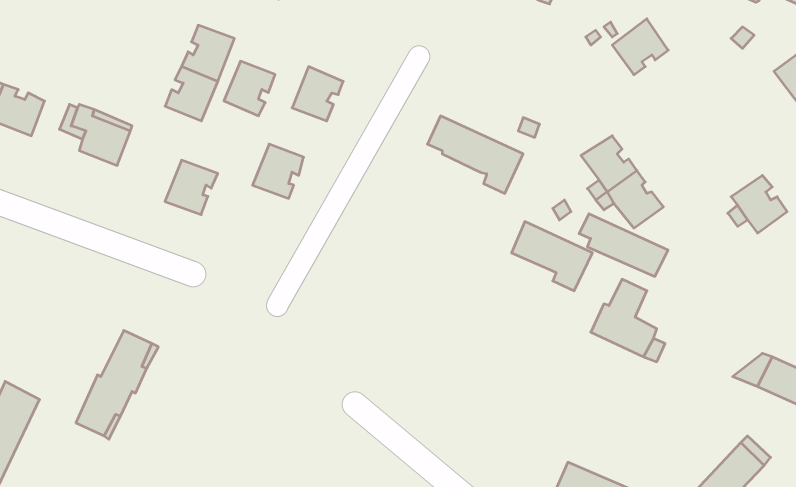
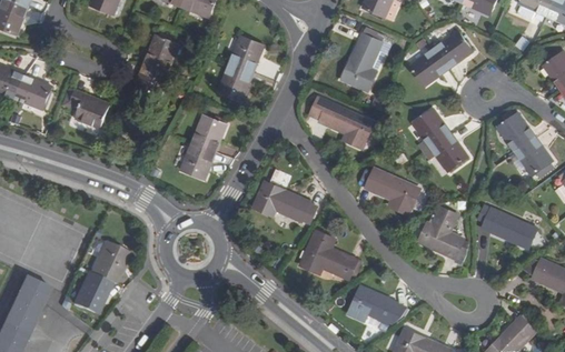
building: none -> [341,32,381,90]
building: none -> [409,48,448,86]
building: [224,61,275,116] -> [229,36,264,72]
building: none -> [497,112,535,150]
building: [165,160,218,215] -> [180,142,216,179]
building: [579,214,668,276] -> [477,204,537,247]
building: none -> [252,180,310,221]
building: none -> [299,230,361,279]
building: none -> [351,285,396,321]

